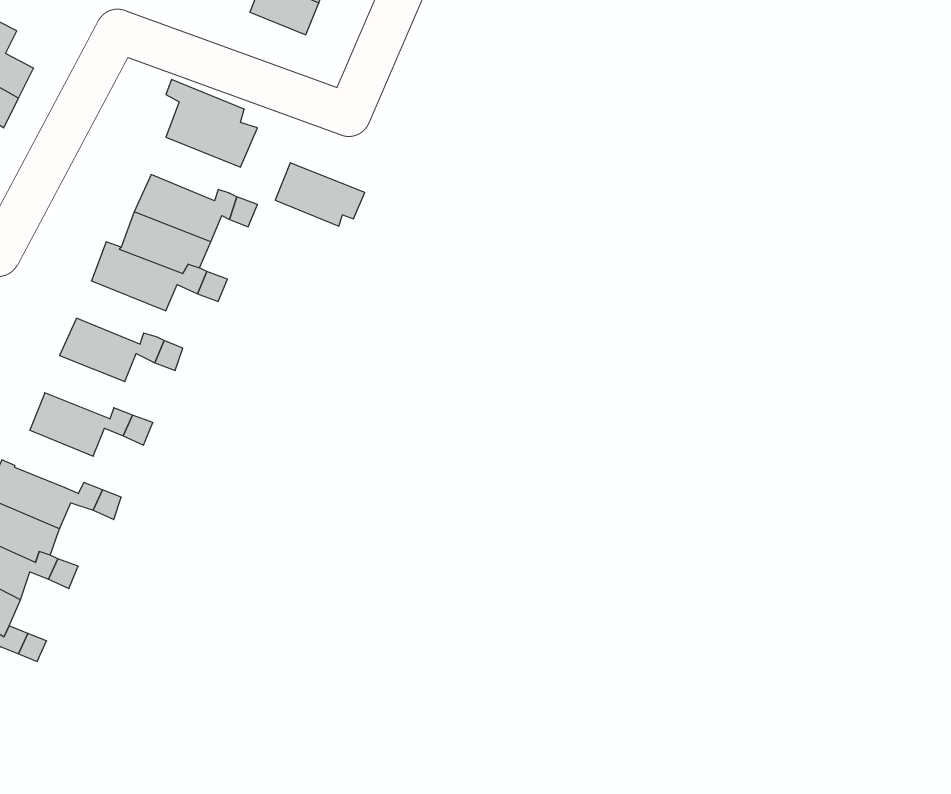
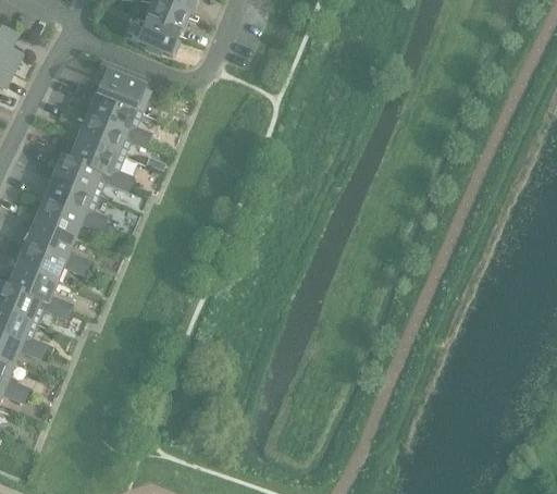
building: none -> [137,21,178,54]
building: [275,163,365,226] -> [88,94,140,131]
building: none -> [45,177,97,214]
building: none -> [26,221,73,258]
building: none -> [9,264,54,301]

